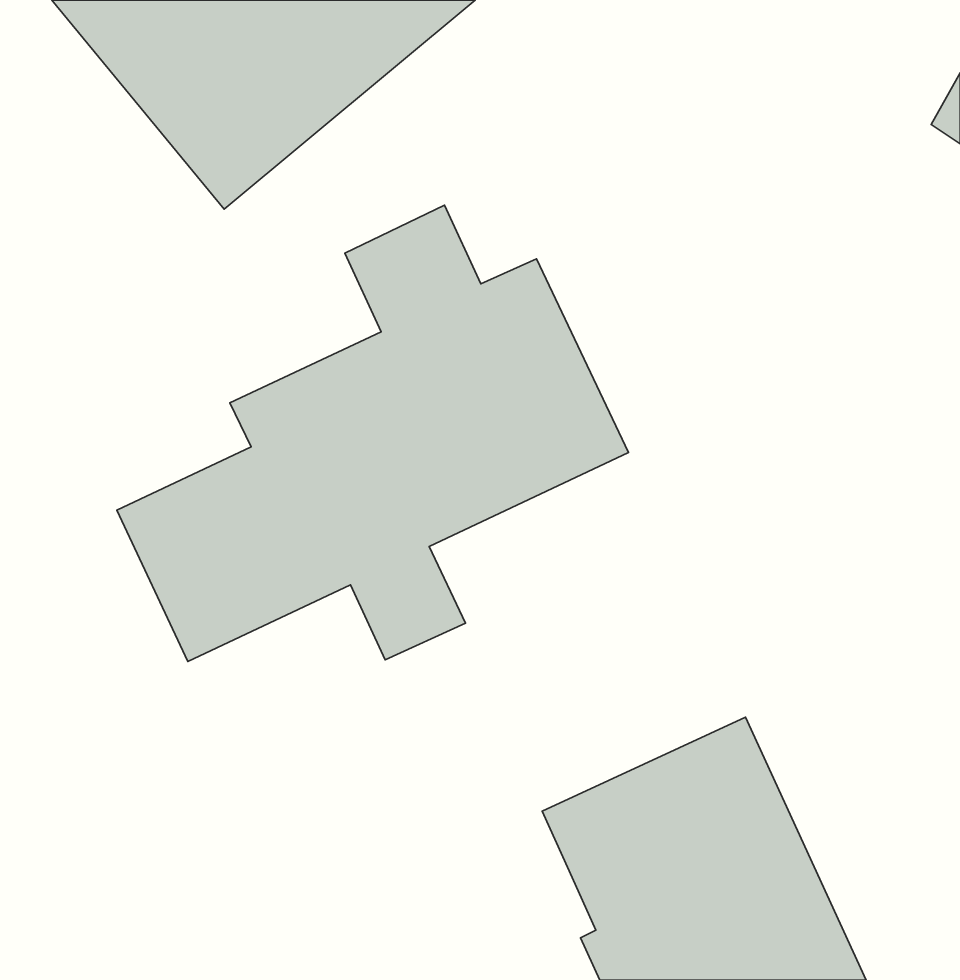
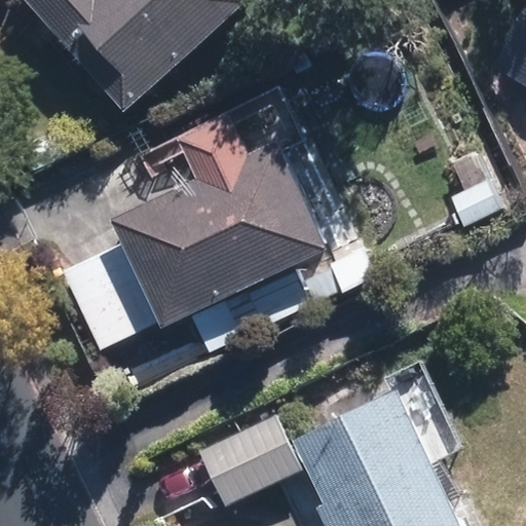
building: none -> [196,410,305,503]

